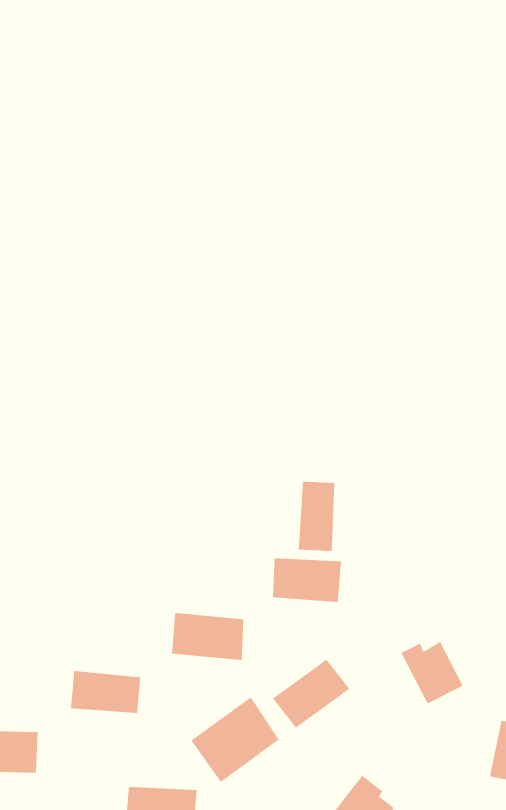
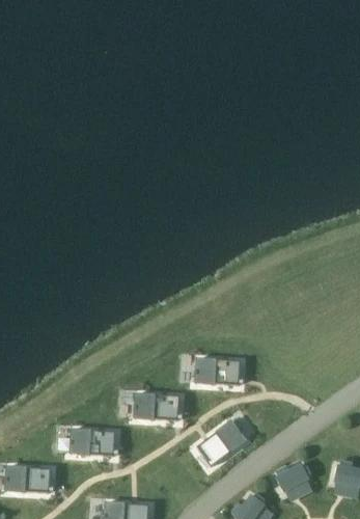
building: [298,481,335,552] -> none
building: [401,641,464,704] -> [275,463,314,502]
building: [191,696,280,783] -> none

